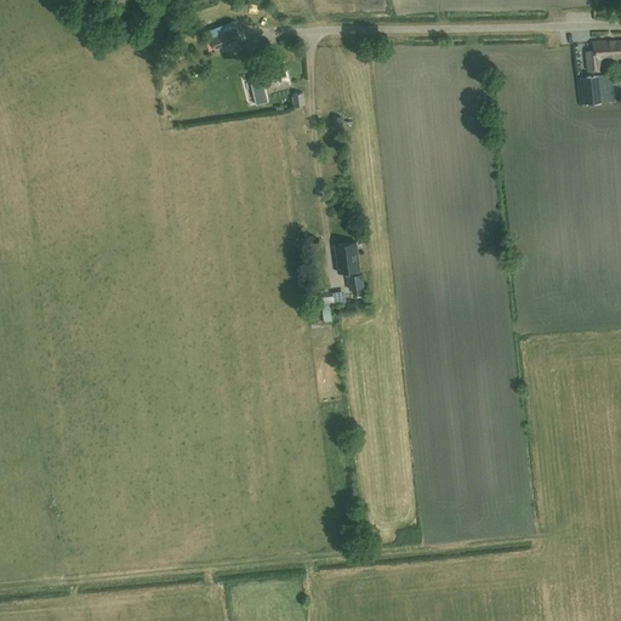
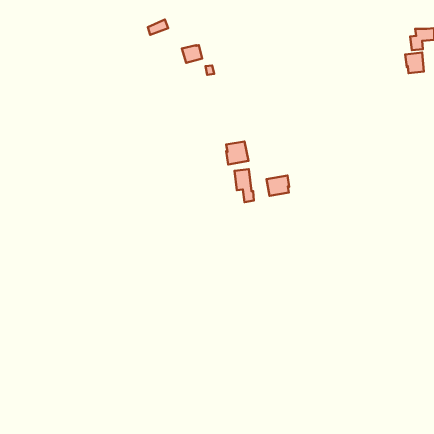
building: none -> [226,141,248,165]
building: none -> [266,175,289,196]

